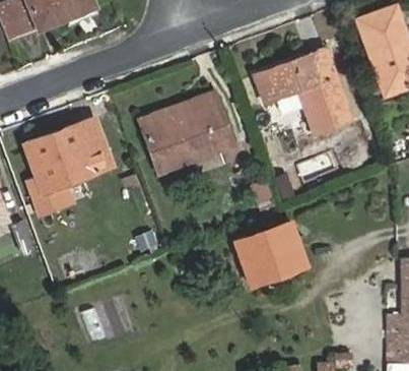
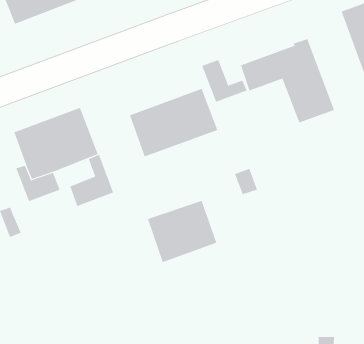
building: none -> [202,59,247,103]
building: none -> [69,154,114,207]
building: [234,222,305,286] -> [147,200,217,263]

